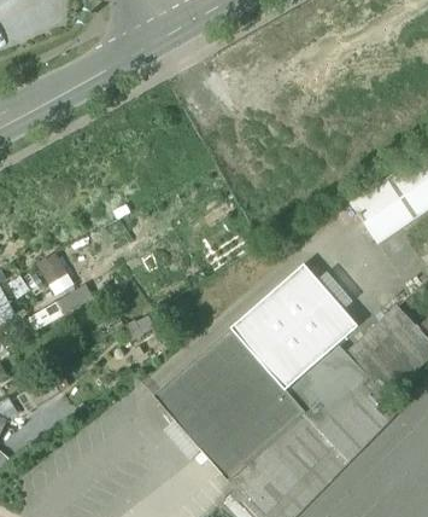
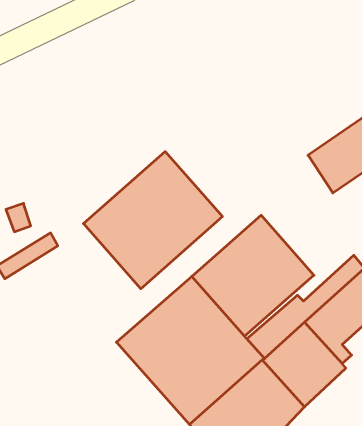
building: none -> [83,152,222,289]

